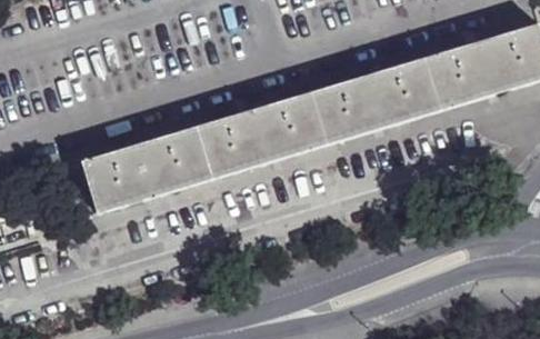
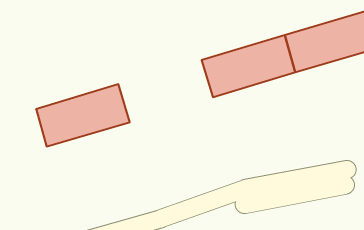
building: [193,92,323,178] -> none

